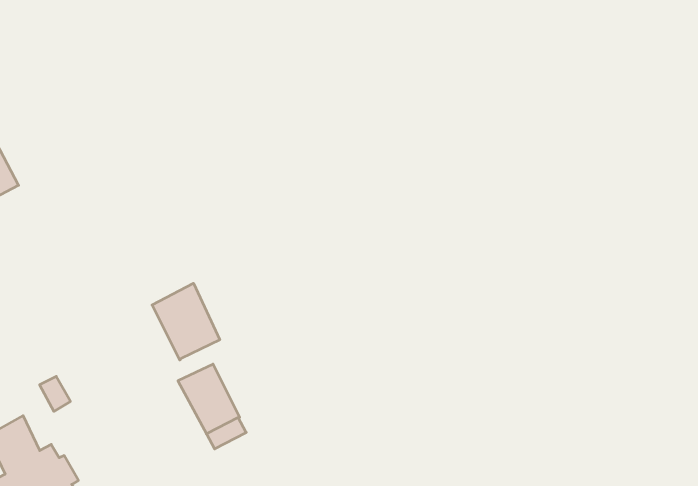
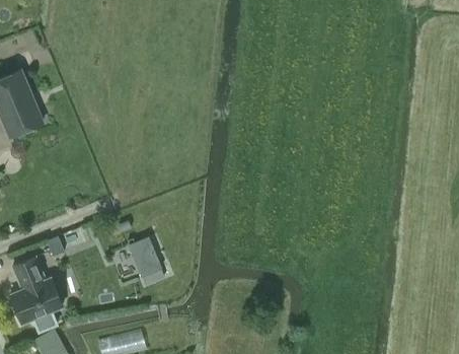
building: [152,283,220,360] -> none

